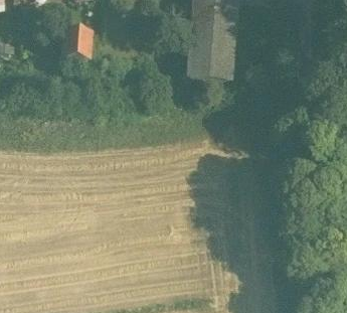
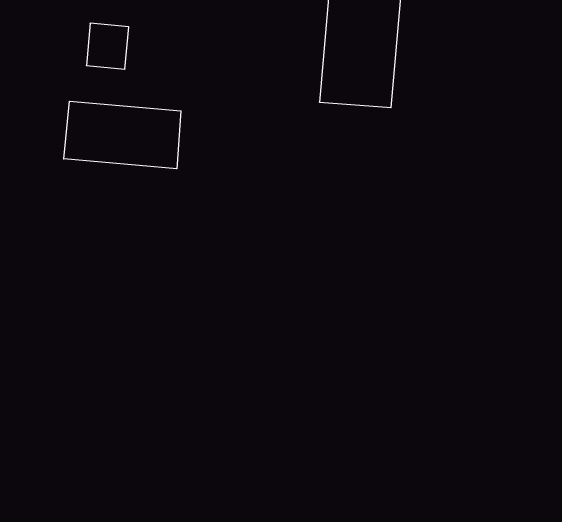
building: none -> [64,101,181,169]

